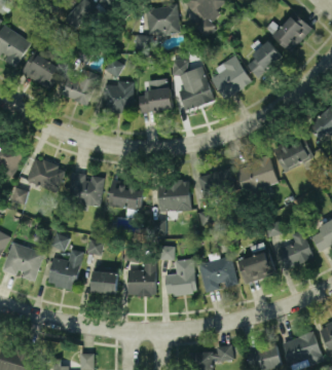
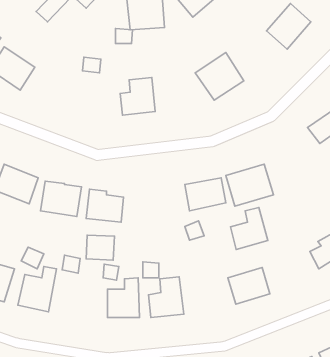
building: [245,42,283,78] -> none
building: [171,59,214,111] -> none
building: [61,69,100,106] -> none
building: [103,81,141,114] -> none
building: [274,138,313,172] -> none
building: [158,181,191,213] -> none
building: [279,230,312,268] -> [230,207,268,250]
building: [200,257,237,293] -> none
building: [93,271,118,294] -> [86,235,114,260]

